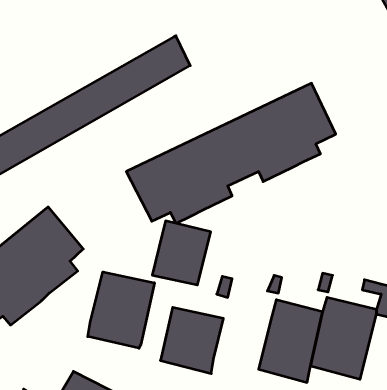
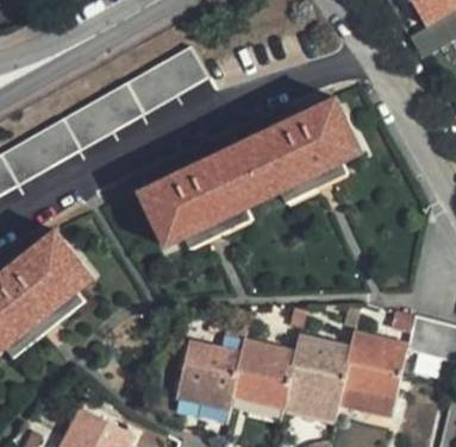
building: [152,221,211,285] -> [231,336,294,405]
building: [88,272,154,348] -> none

